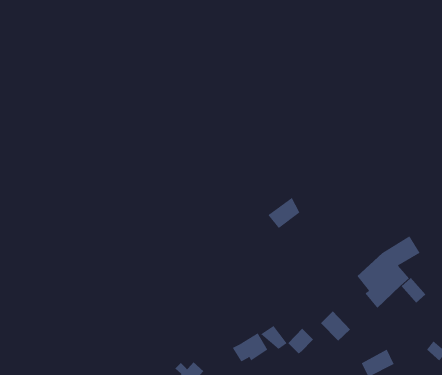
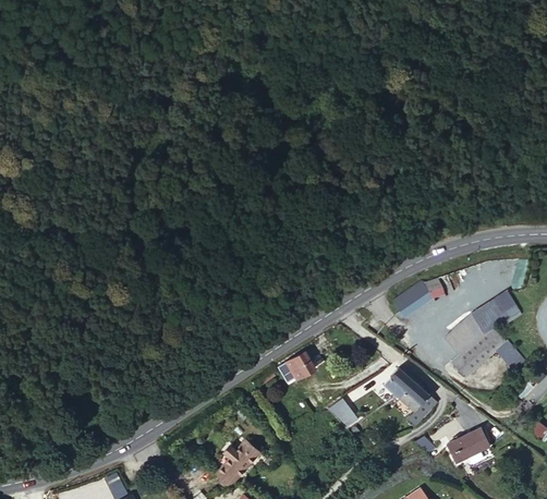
building: [268,197,300,229] -> [392,280,431,318]
building: [288,328,314,354] -> [381,367,413,399]
building: [232,332,268,362] -> [277,346,320,382]

